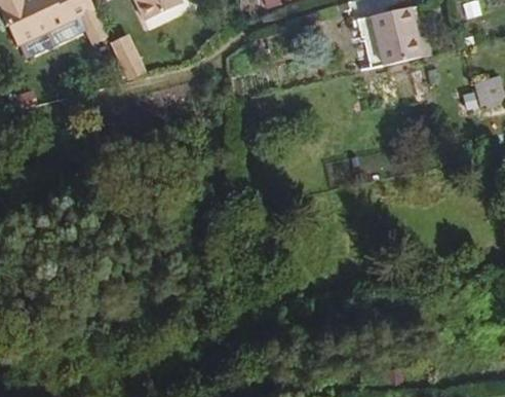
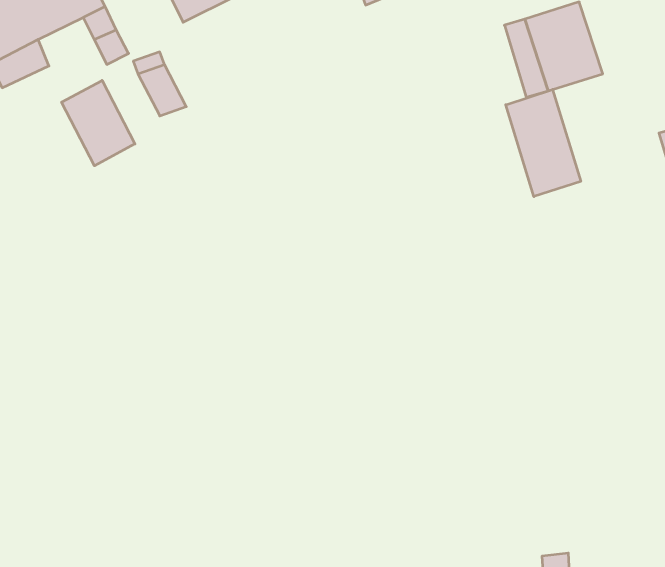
building: none -> [62,80,135,166]
building: none -> [506,89,581,197]

